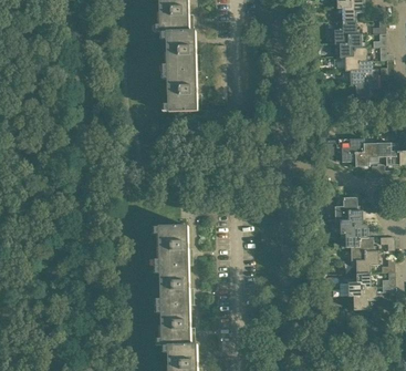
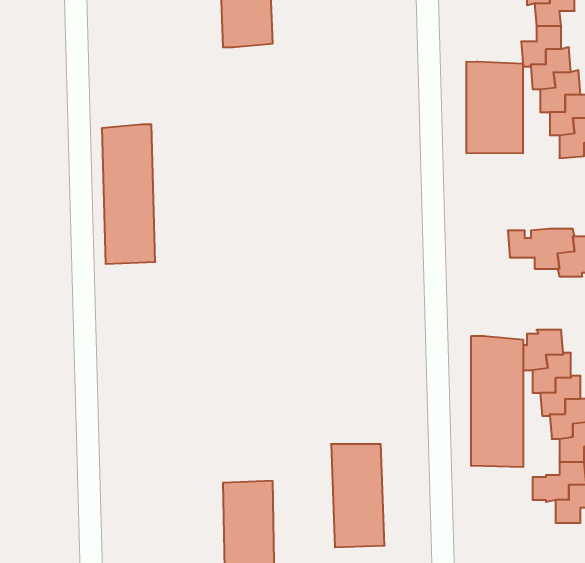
building: [166,32,197,113] -> [102,124,155,264]
building: none -> [466,61,523,153]
building: none -> [471,336,523,467]
building: [158,227,189,287] -> [331,444,385,547]

